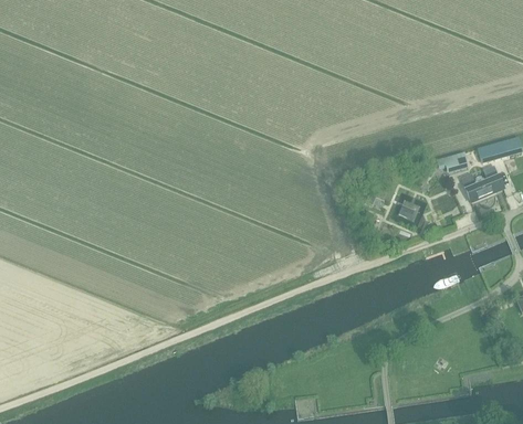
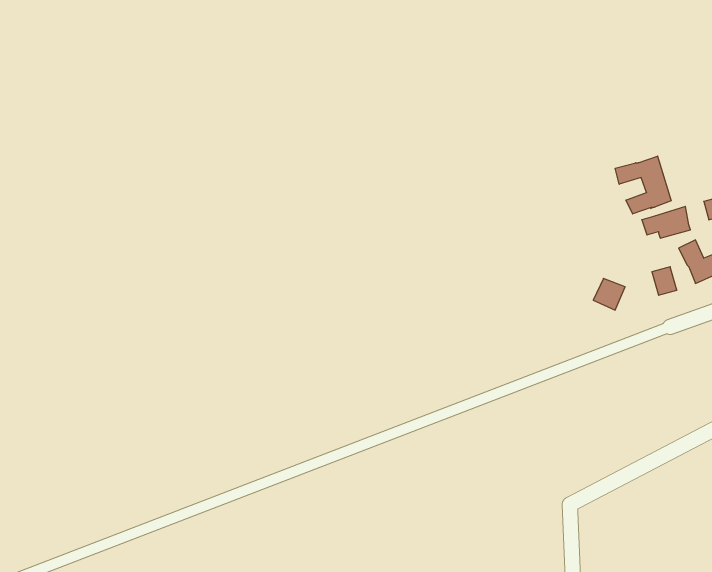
building: none -> [615,156,671,214]

